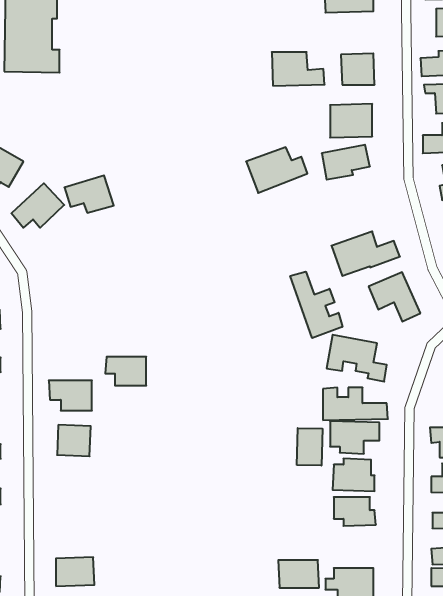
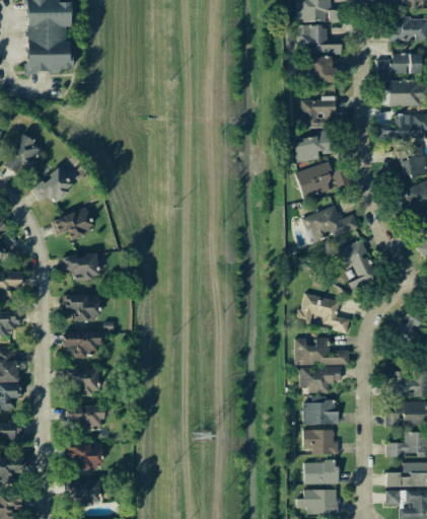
building: [272,52,325,86] -> [297,25,342,54]
building: [246,147,307,193] -> [294,161,346,200]
building: [64,175,114,213] -> [52,208,93,239]
building: [290,272,342,338] -> none
building: none -> [65,253,101,280]
building: [105,357,146,386] -> [65,295,99,319]
building: [297,428,322,466] -> none
building: none -> [67,405,103,431]
building: none -> [67,443,102,468]
building: [278,560,319,588] -> [303,461,338,485]

